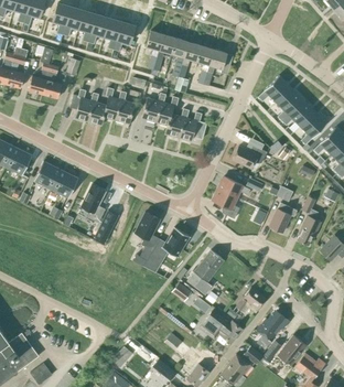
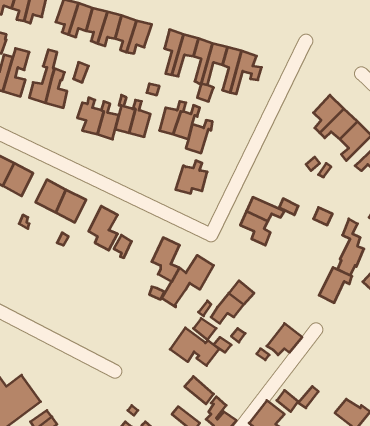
building: [257,75,290,103] -> none
building: [178,112,205,141] -> [176,161,207,193]
building: [232,138,266,168] -> none
building: [268,202,297,233] -> [319,267,352,303]
building: [198,310,241,343] -> [170,328,219,366]
building: [255,310,289,347] -> none
building: [277,335,305,366] -> none

